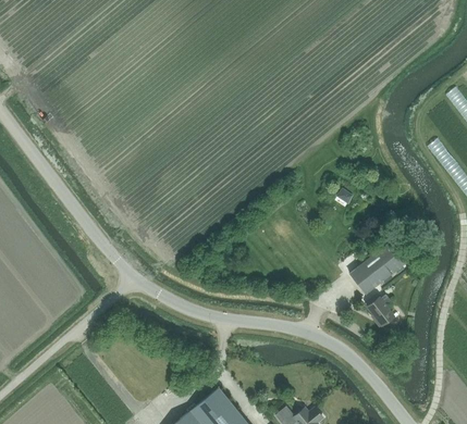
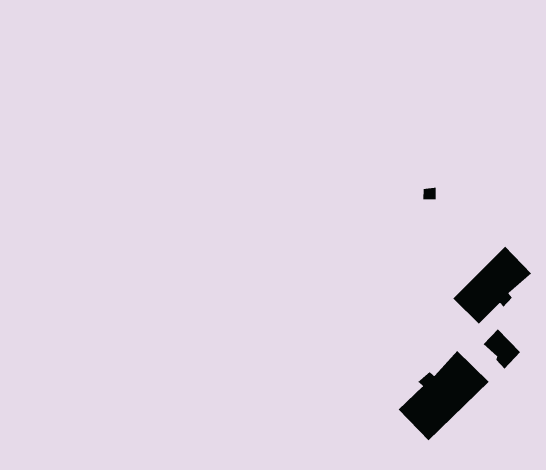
building: none -> [398,350,490,441]

